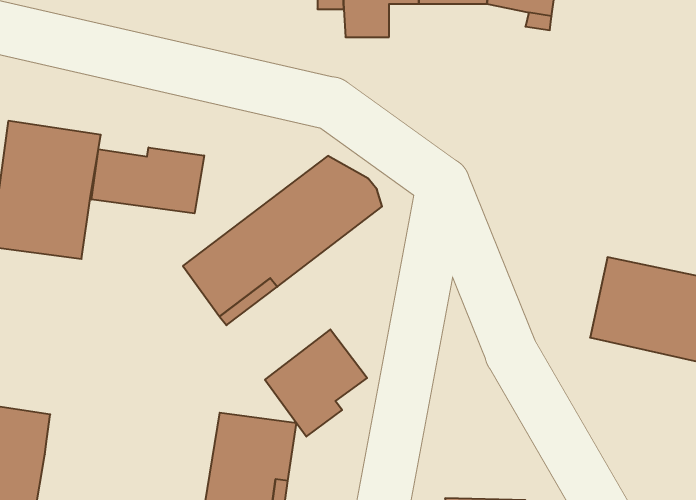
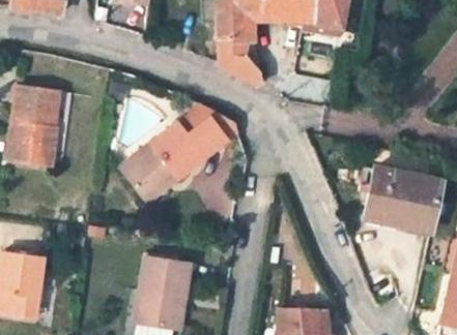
building: none -> [219,35,261,81]
building: [91,147,204,213] -> none
building: [265,329,367,437] -> none

